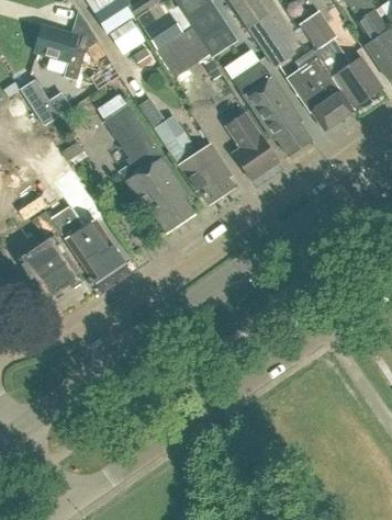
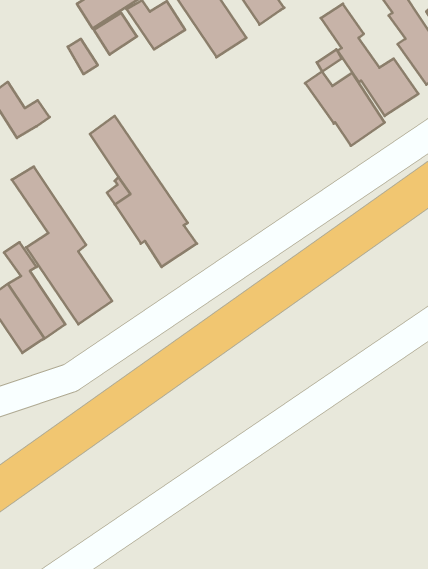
building: [248,16,292,67] -> none
building: [35,25,86,81] -> none
building: [158,29,209,77] -> none
building: [232,60,312,156] -> none
building: [141,99,235,204] -> none
building: [226,112,279,180] -> none

